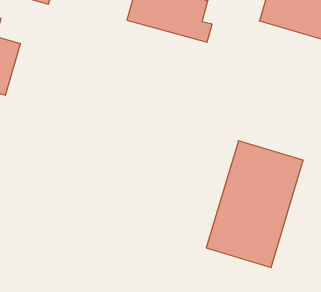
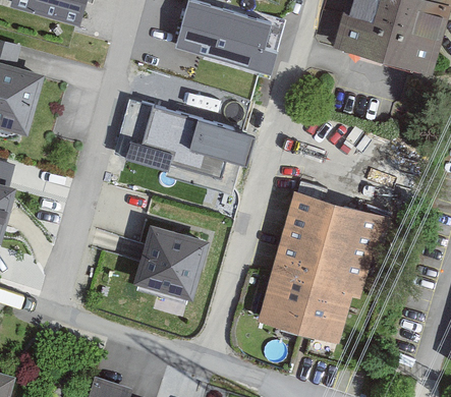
building: none -> [120,101,255,193]
building: none -> [122,217,203,295]

